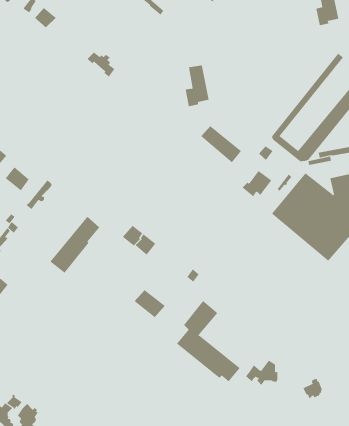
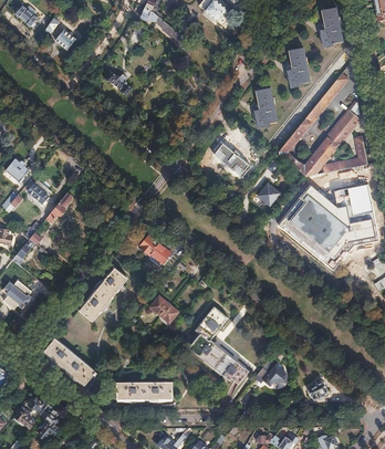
building: none -> [287,48,310,87]
building: [185,65,209,107] -> [253,87,277,127]
building: [50,216,100,273] -> [79,267,126,321]
building: none -> [44,338,96,385]
building: none -> [117,382,173,400]

